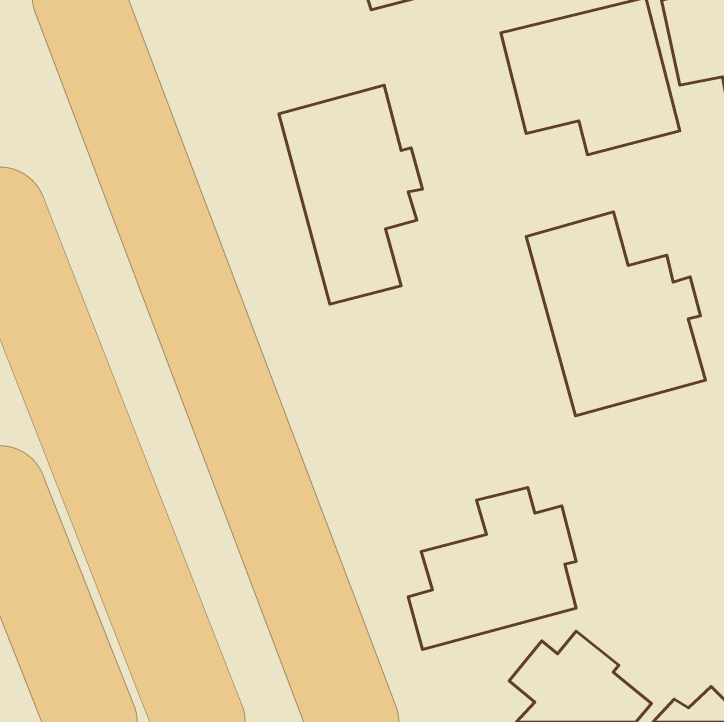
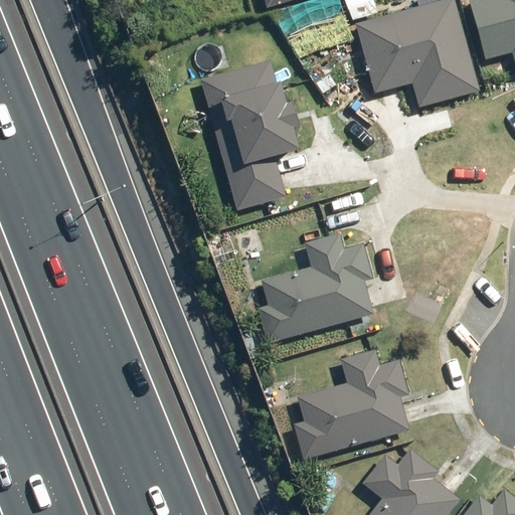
building: [526,212,706,416] -> none
building: none -> [255,233,374,344]

